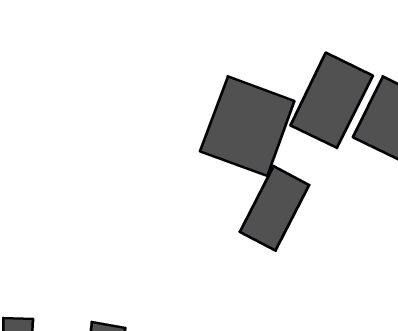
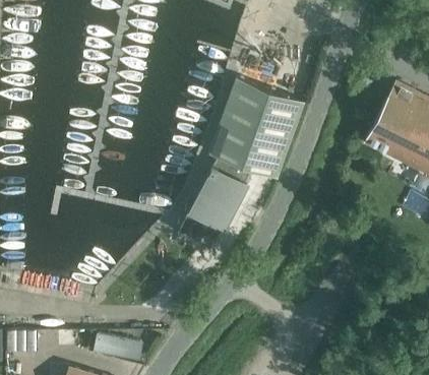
building: [291,53,373,148] -> none
building: [240,166,309,251] -> [179,161,250,247]

